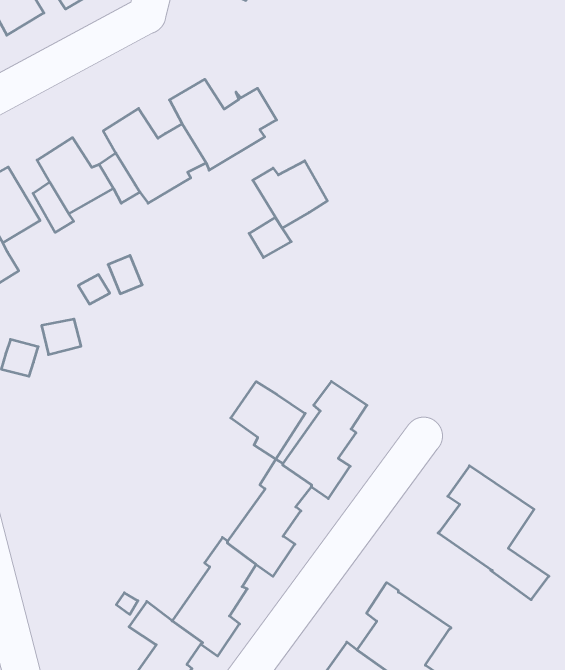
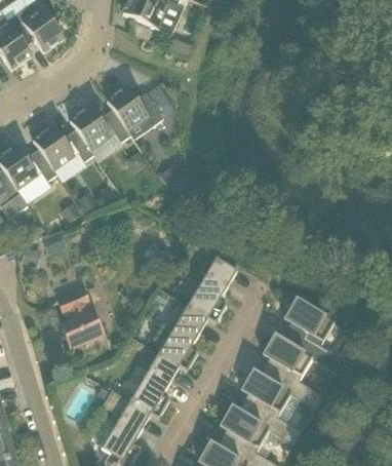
building: [253,161,327,228] -> none
building: [231,382,305,459] -> none
building: none -> [57,288,102,347]
building: none -> [259,333,323,407]

